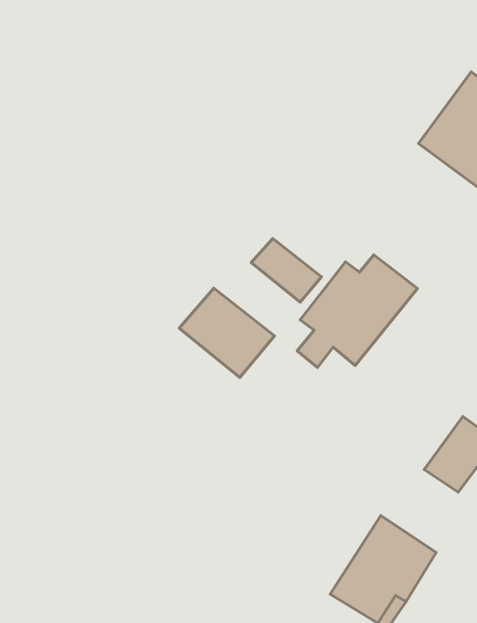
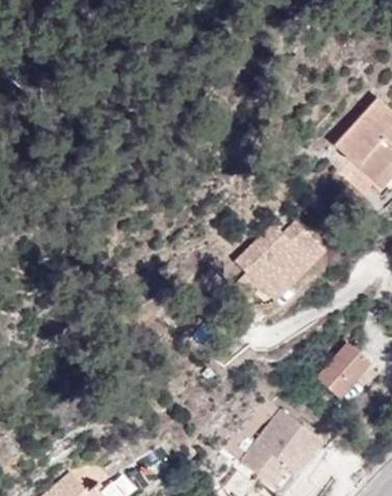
building: [251,238,321,302] -> none
building: [179,288,274,377] -> none

